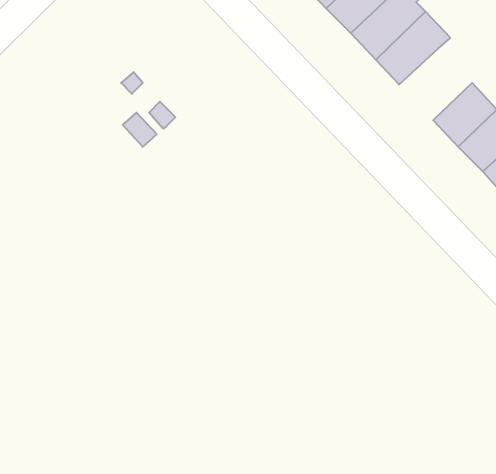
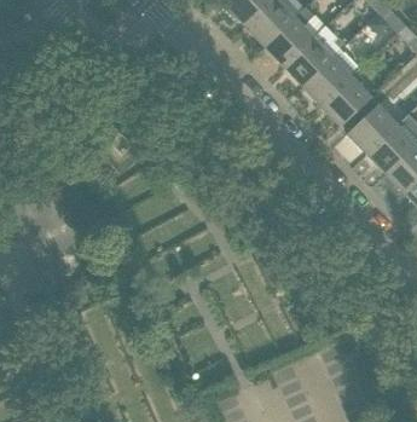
building: none -> [320,77,370,126]

